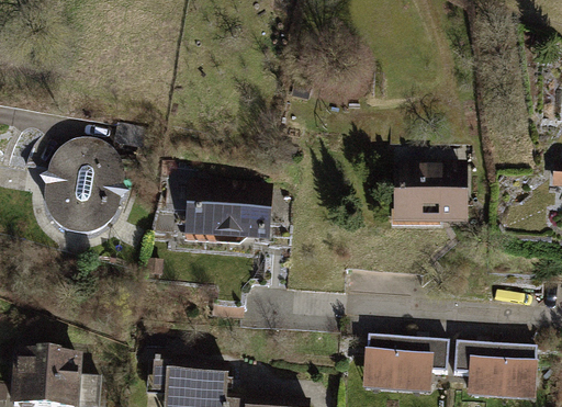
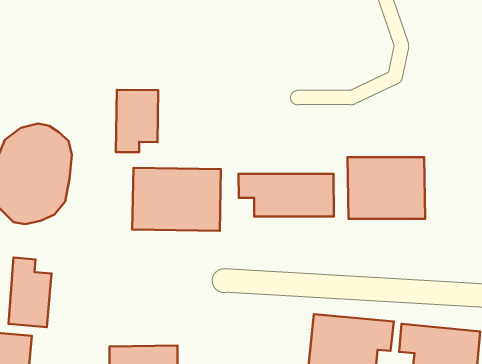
building: none -> [116,90,158,152]
building: none -> [238,174,334,217]
building: none -> [9,257,51,327]

